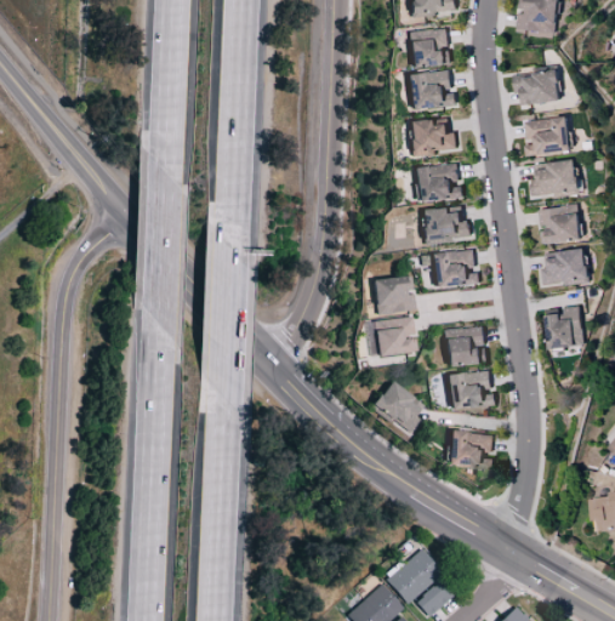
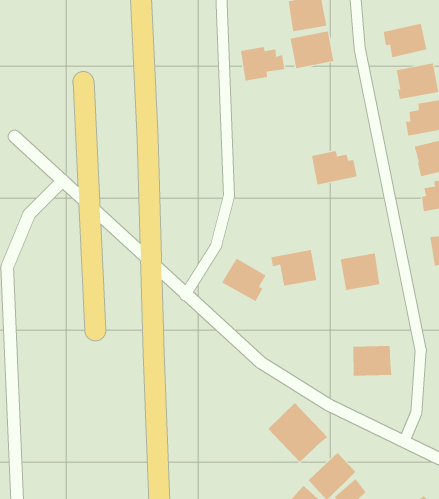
building: [409,119,459,156] -> [240,47,285,81]
building: [415,161,463,201] -> none
building: [431,247,479,287] -> none
building: [374,277,414,313] -> none
building: [446,369,496,409] -> none
building: [371,381,423,433] -> [221,258,266,302]
building: none -> [268,402,328,463]

